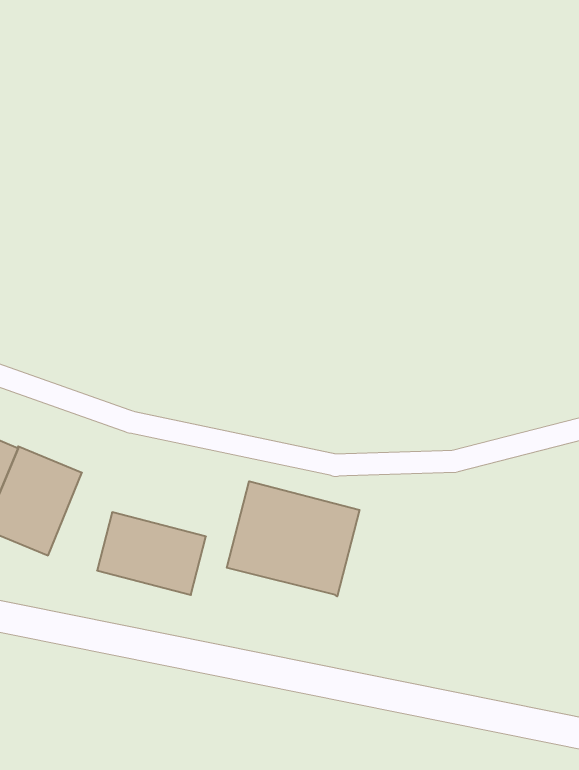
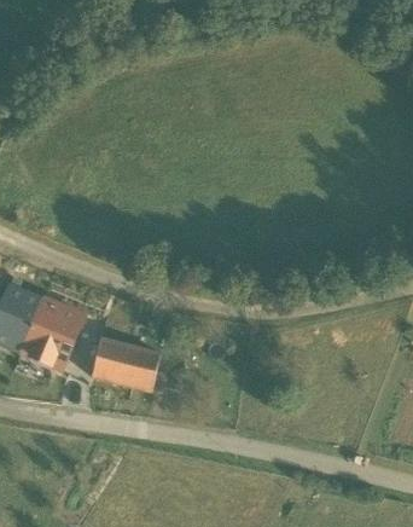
building: [227,481,360,596] -> none

